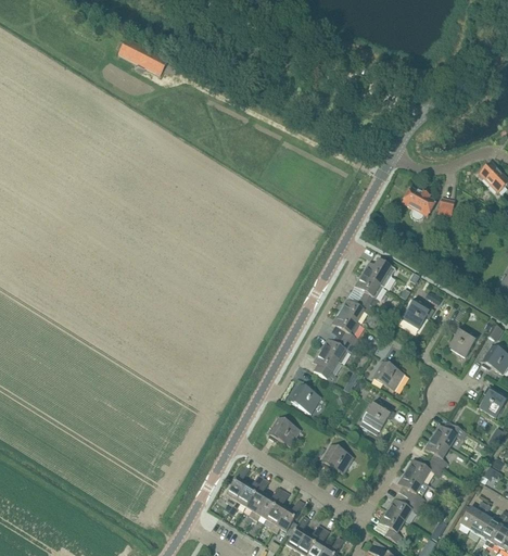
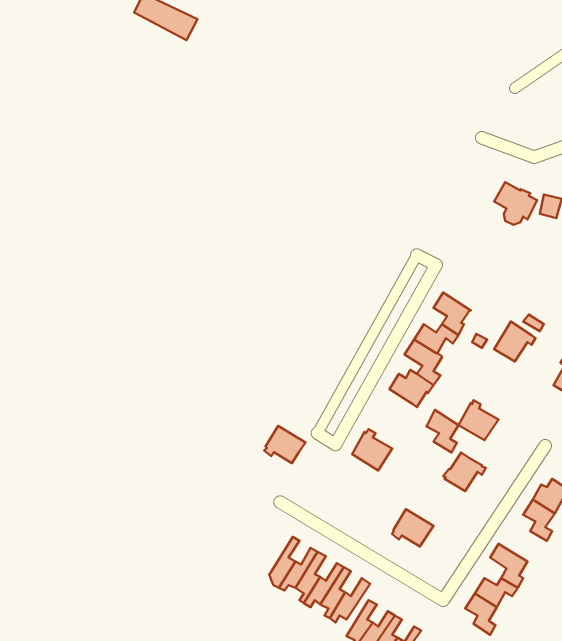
building: [361,258,395,288] -> none
building: [313,350,338,383] -> [427,410,458,453]
building: [268,417,301,446] -> [264,426,306,463]
building: [405,458,443,485] -> none

